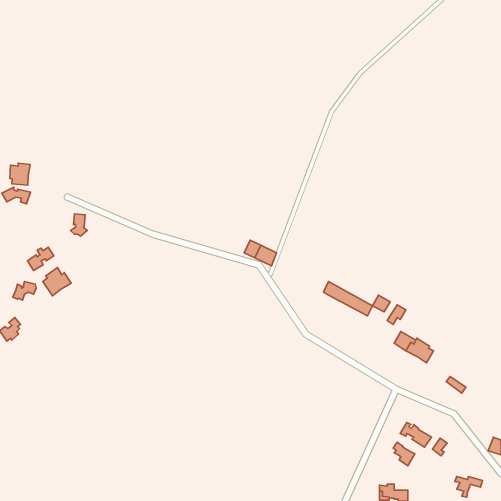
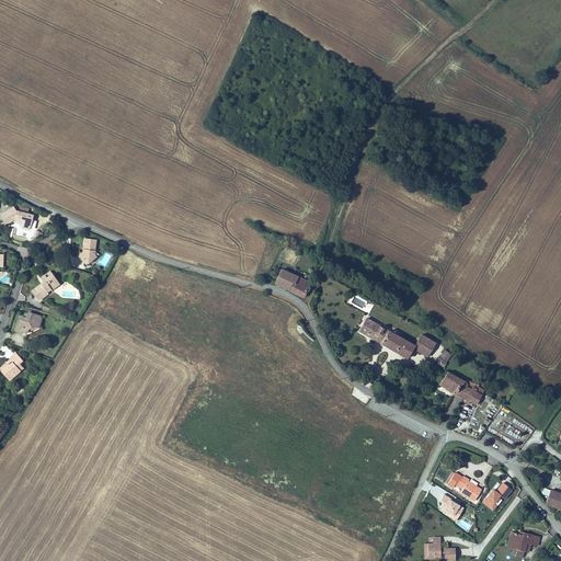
building: [10,163,30,185] -> none
building: [43,268,71,296] -> none

